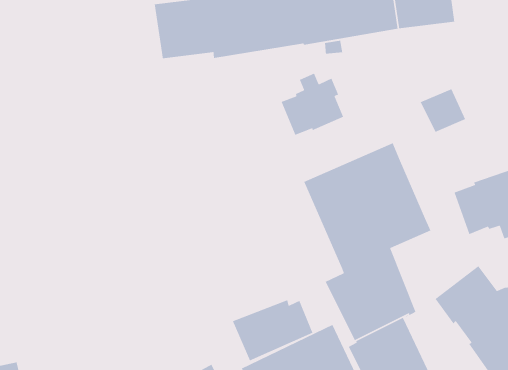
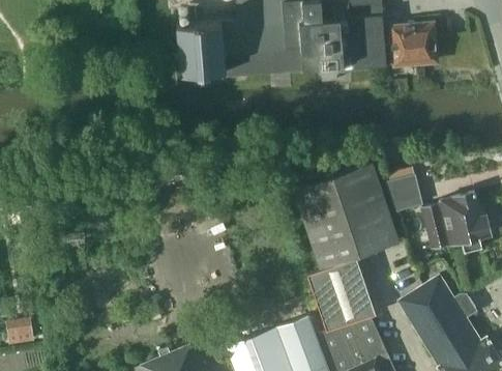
building: [280,72,344,136] -> none
building: [419,88,466,133] -> [386,174,425,211]
building: [232,299,314,361] -> none

